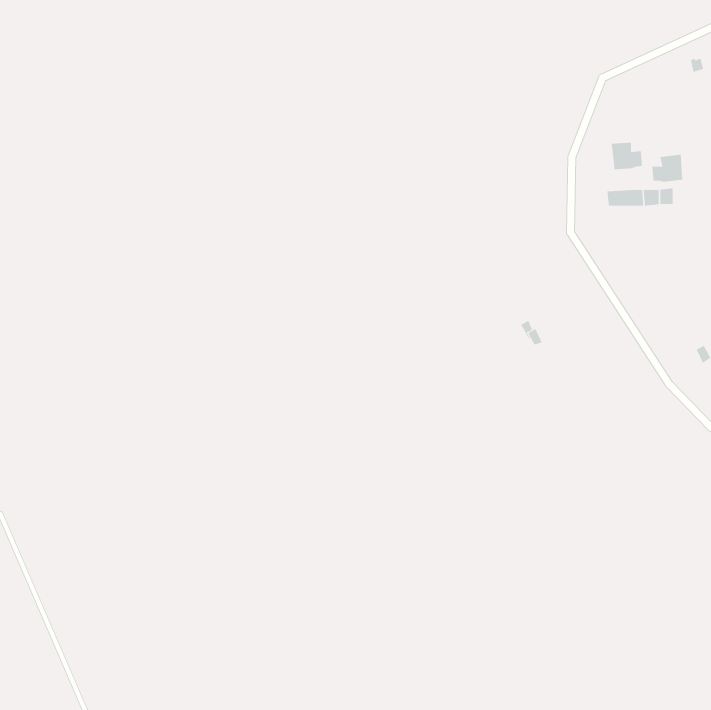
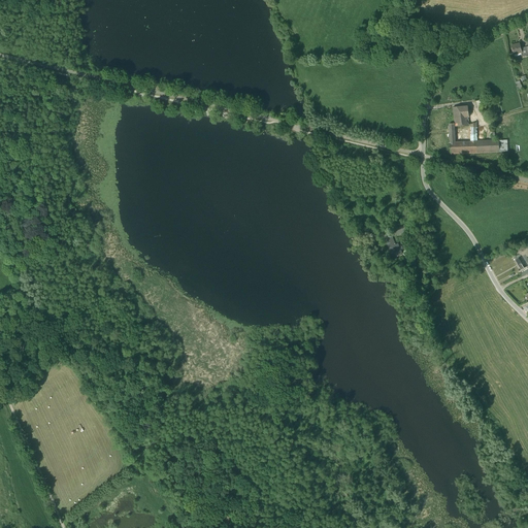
building: [652,154,683,182] -> none

